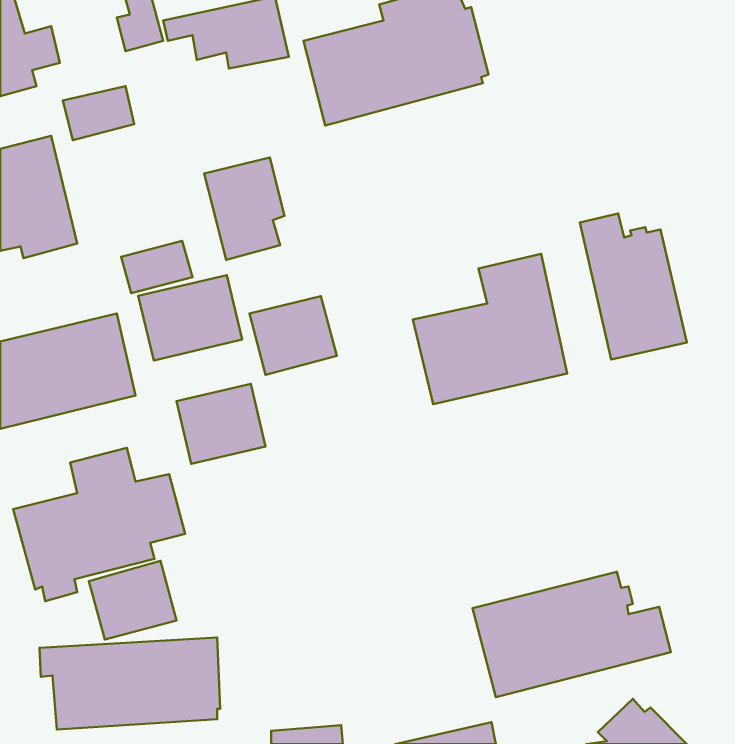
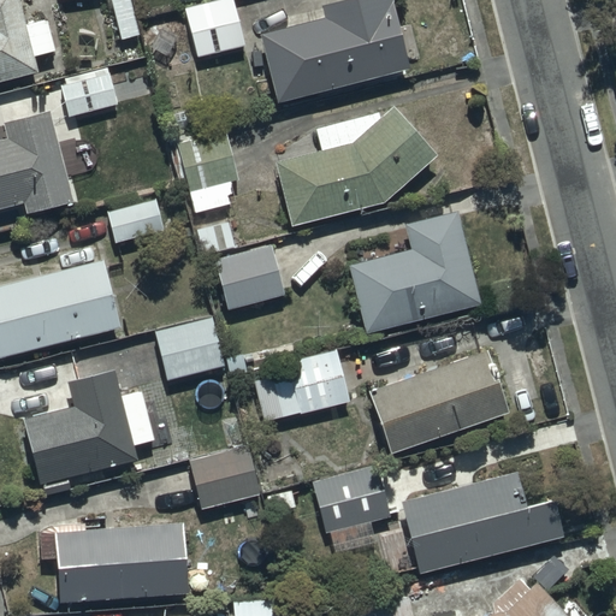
building: none -> [274,107,437,226]
building: [580,214,687,360] -> none
building: [138,275,242,360] -> none
building: none -> [367,348,510,455]
building: none -> [270,350,351,414]
building: [89,561,176,640] -> [189,444,261,509]
building: none -> [313,464,390,532]

